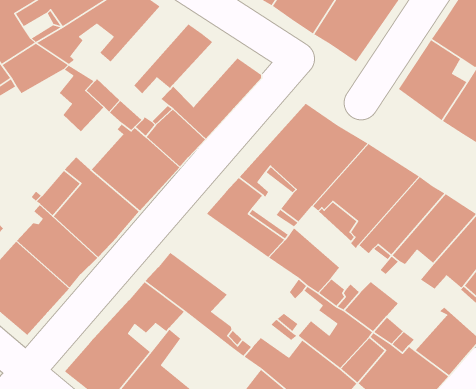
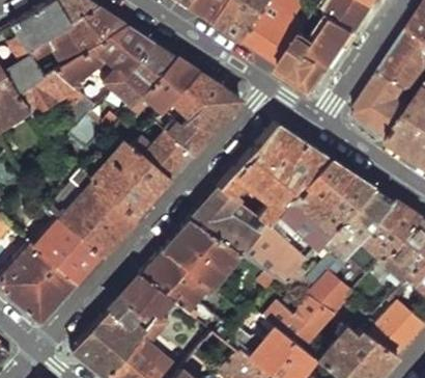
building: none -> [109,43,176,110]
building: none -> [163,73,218,128]
building: none -> [161,219,244,288]

